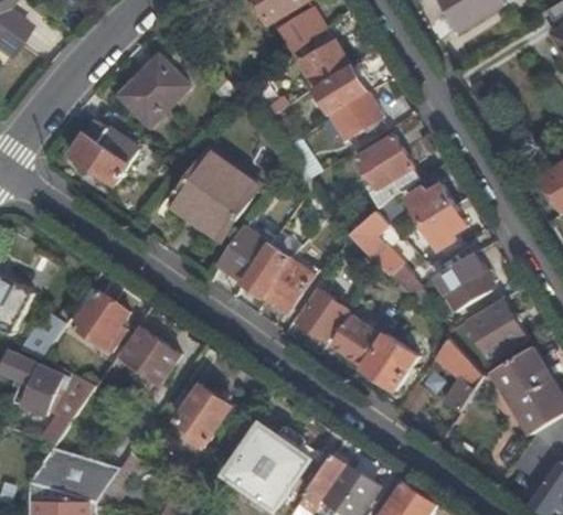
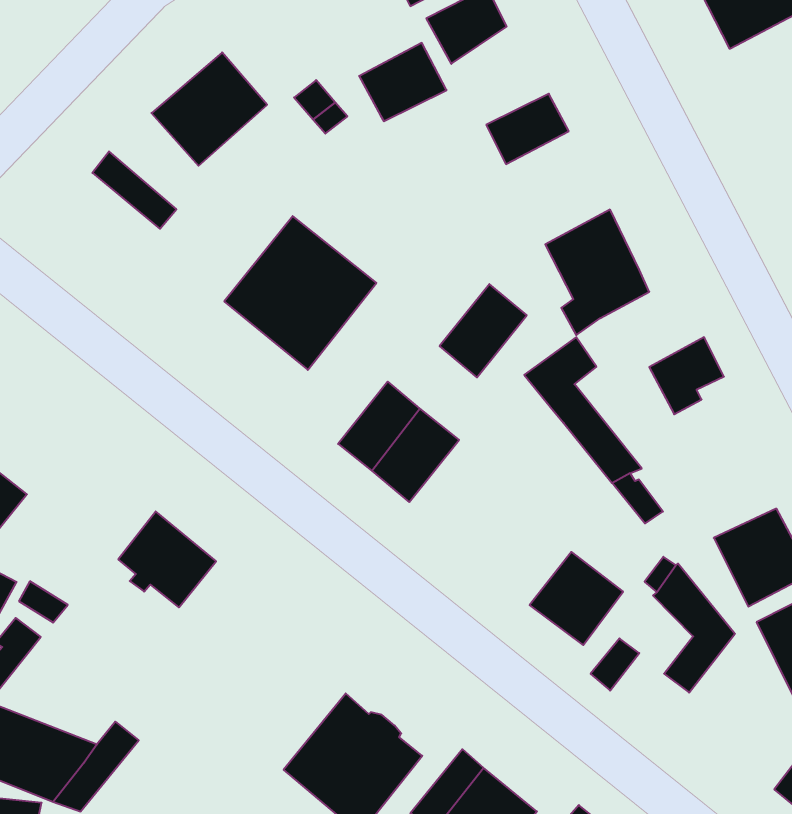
building: [299,41,351,88] -> [359,43,447,121]
building: [329,88,381,137] -> none
building: [70,132,129,185] -> none
building: [406,182,453,223] -> none
building: [220,226,269,281] -> [440,284,527,377]
building: [437,251,489,308] -> none
building: [297,289,348,341] -> none
building: [70,291,126,350] -> none
building: [331,310,392,364] -> none
building: [172,386,230,449] -> none

